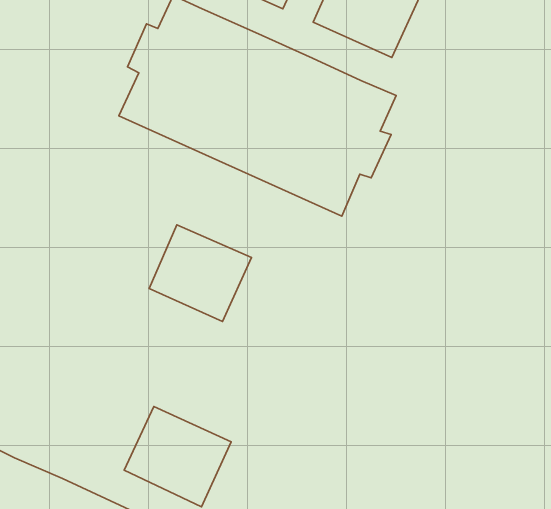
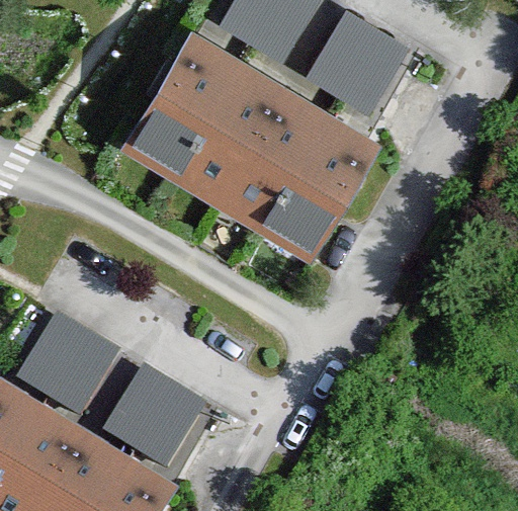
building: [149,225,251,321] -> none
building: none -> [21,324,115,413]

